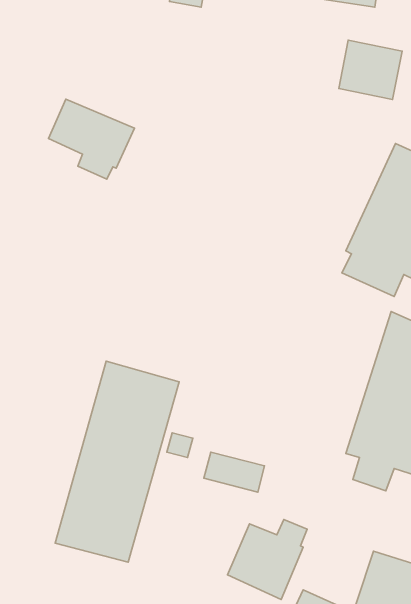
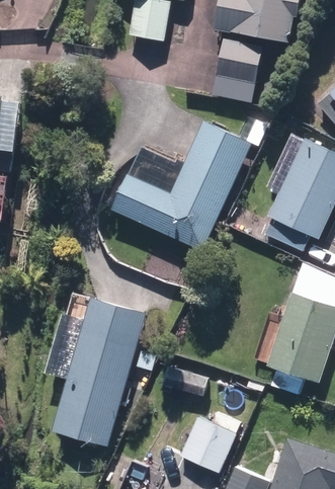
building: [339,40,402,99] -> [215,39,261,83]
building: [49,99,135,179] -> none
building: none -> [112,123,250,251]

